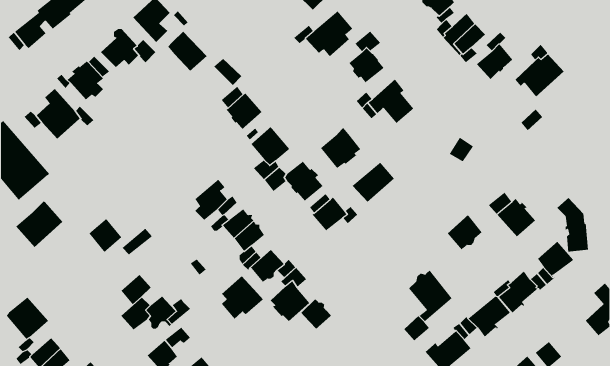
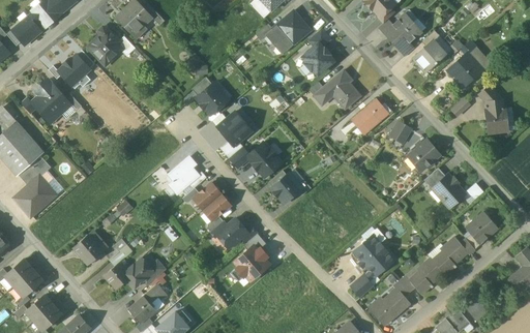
building: [167,31,207,71] -> none
building: [320,127,361,169] -> none
building: [352,162,395,203] -> [350,99,387,134]
building: none -> [18,155,51,186]
building: [557,197,589,252] -> [478,86,506,133]
building: [447,214,483,250] -> [408,140,439,171]
building: [89,218,122,253] -> [73,235,102,265]
building: [221,276,264,319] -> none
building: [300,299,331,330] -> none

